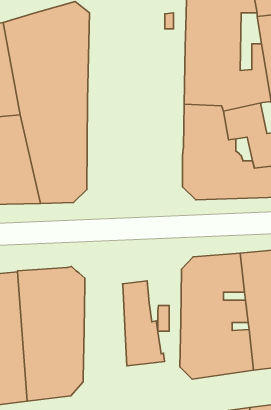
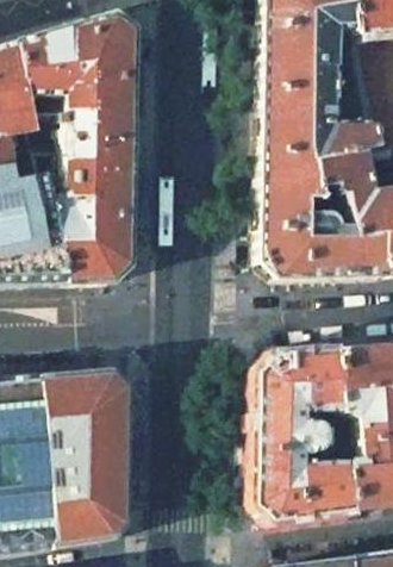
building: [123,281,164,366] -> none

